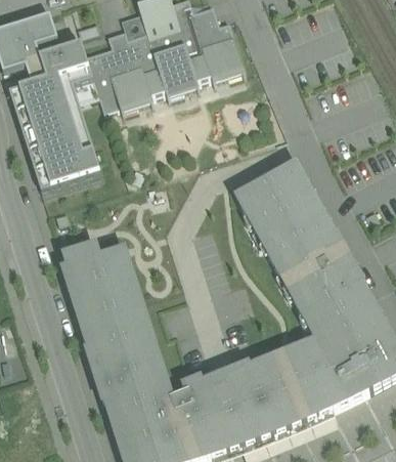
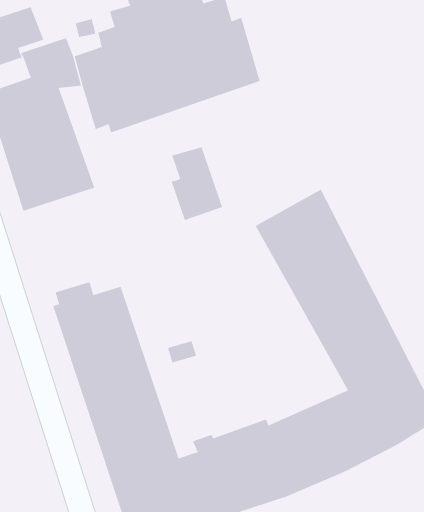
building: none -> [171,147,223,221]

